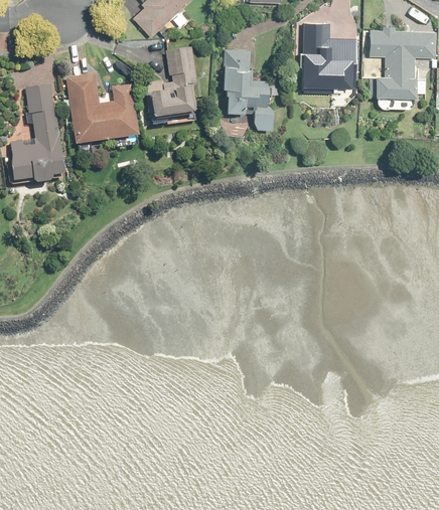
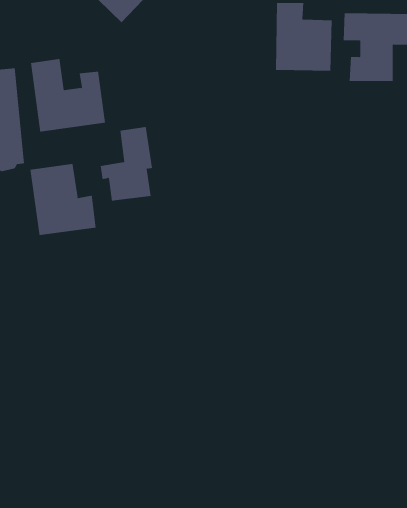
building: [146,45,197,118] -> [100,127,153,201]
building: [224,48,272,128] -> none
building: none -> [30,163,96,236]

